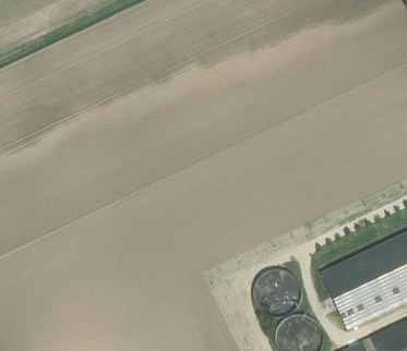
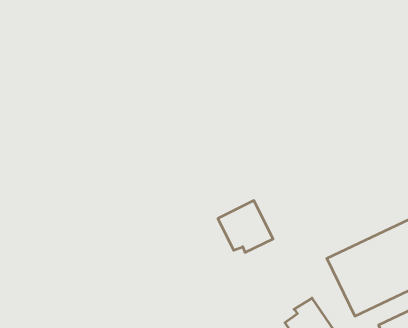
building: [253,264,307,314] -> [218,201,273,252]

